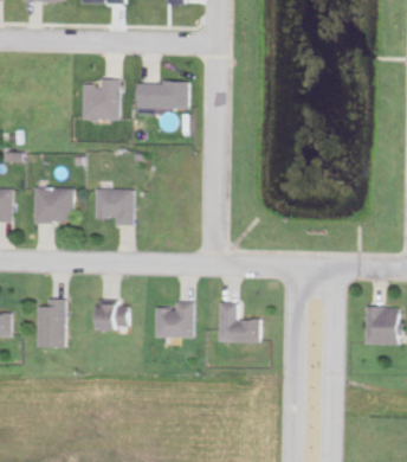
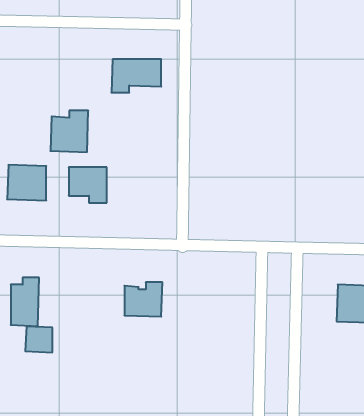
building: [84,79,122,121] -> [50,111,88,152]
building: [102,303,129,329] -> [25,326,52,352]
building: [219,303,259,342] -> none

